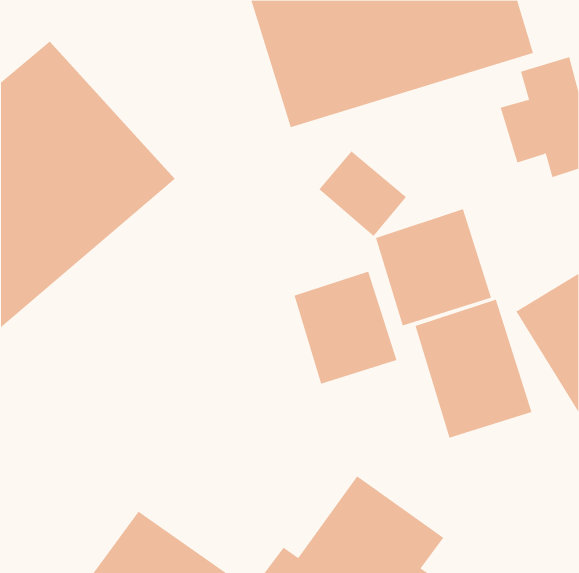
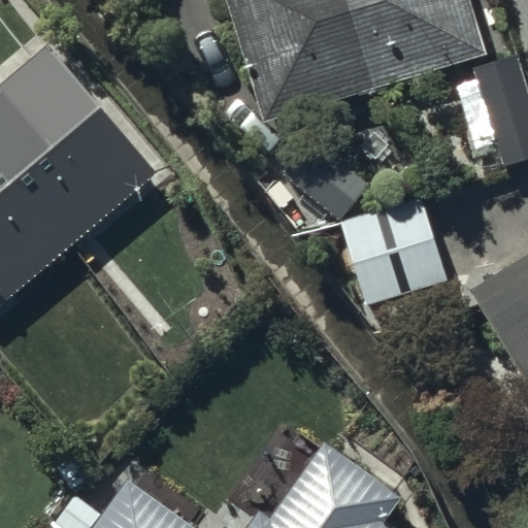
building: [294,271,397,385] -> none
building: [415,299,532,439] -> none

